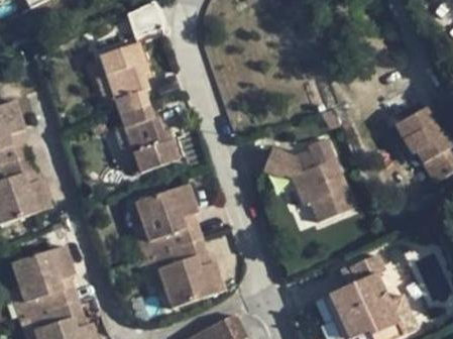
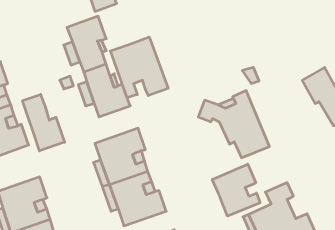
building: none -> [110,37,168,98]
building: none -> [23,94,65,151]
building: none -> [212,164,260,216]

